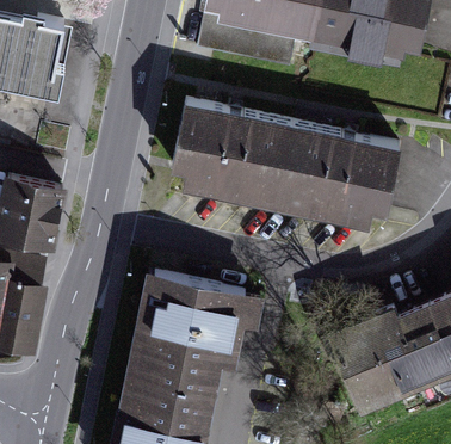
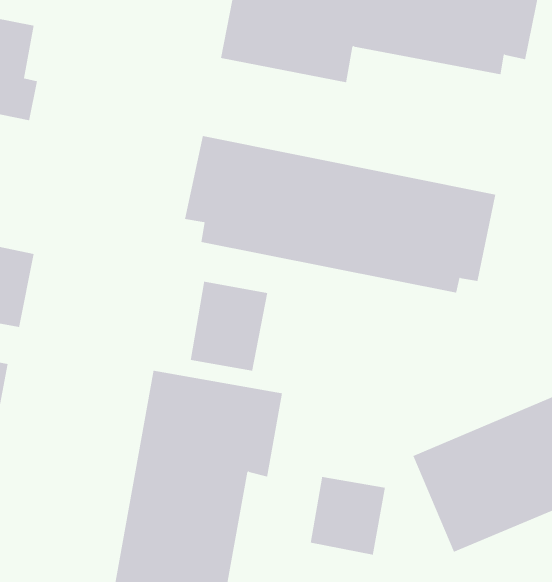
building: none -> [190,281,268,372]
building: none -> [310,476,386,556]

